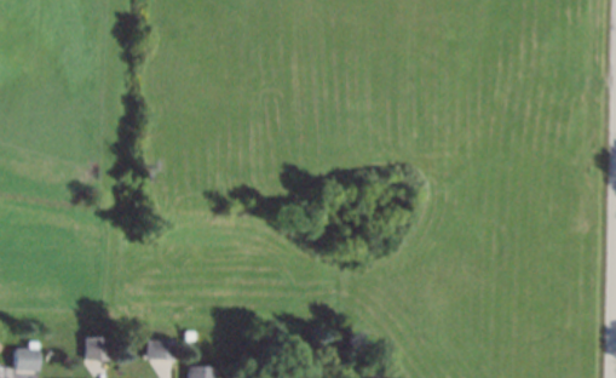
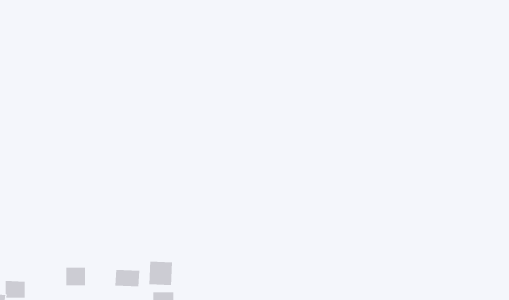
building: none -> [149,261,173,286]

